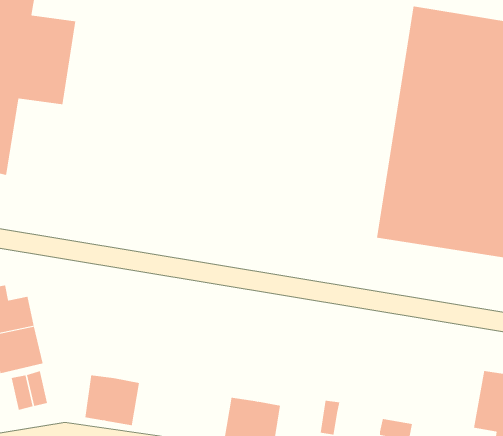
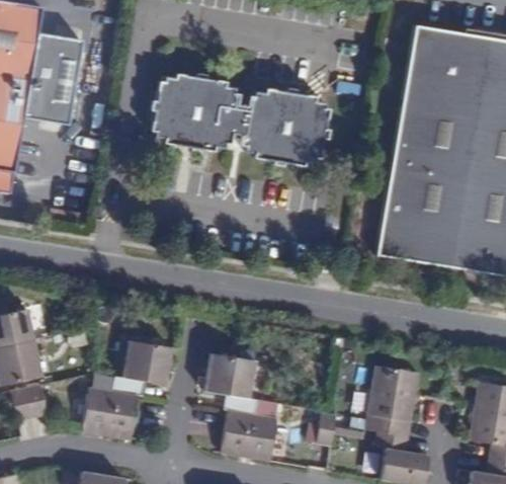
building: none -> [151,71,325,163]
building: none -> [113,342,173,396]
building: none -> [206,355,257,414]
building: none -> [365,367,425,436]

